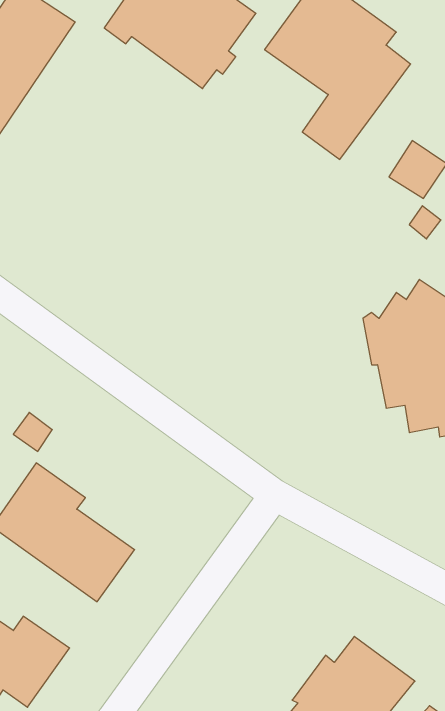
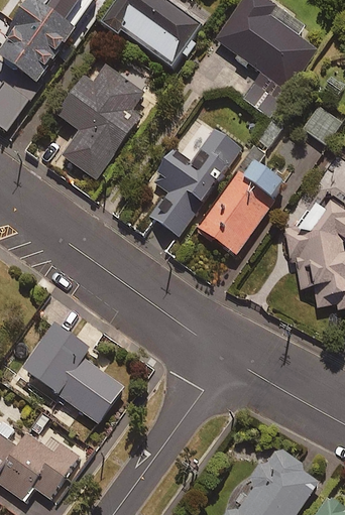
building: none -> [58,59,142,178]
building: none -> [147,126,241,234]
building: none -> [199,145,284,254]

